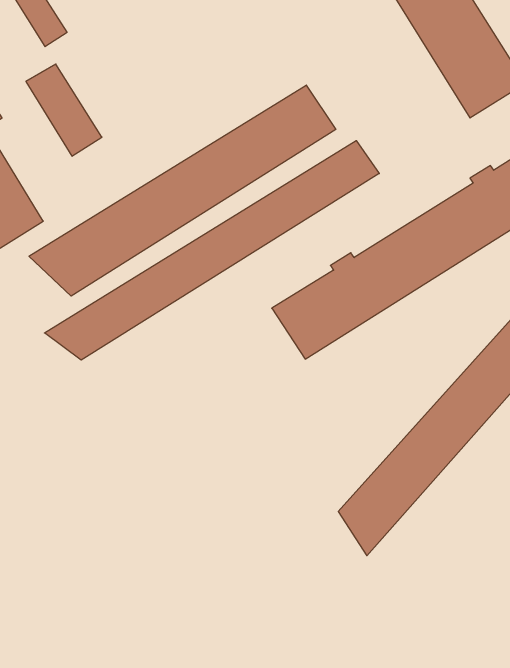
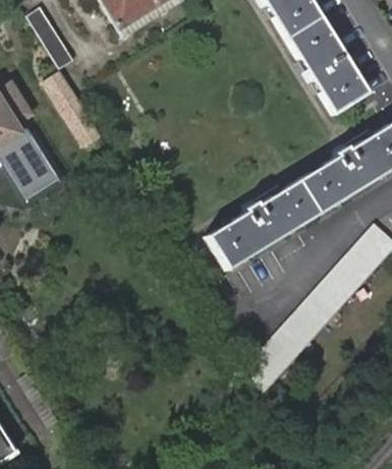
building: [29,85,336,296] -> none
building: [44,141,379,360] -> none

